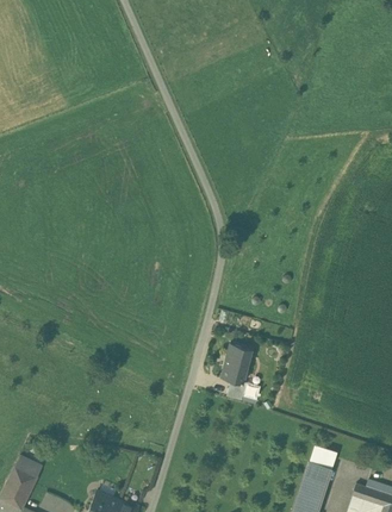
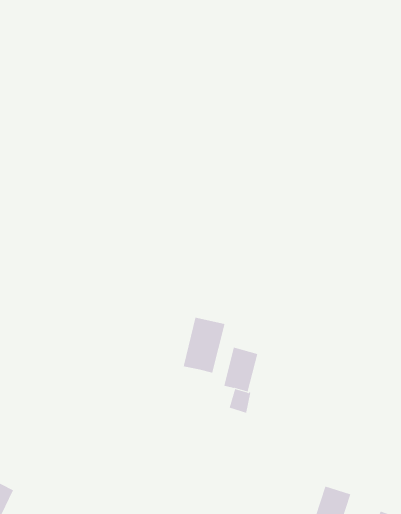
building: none -> [183,317,225,373]

